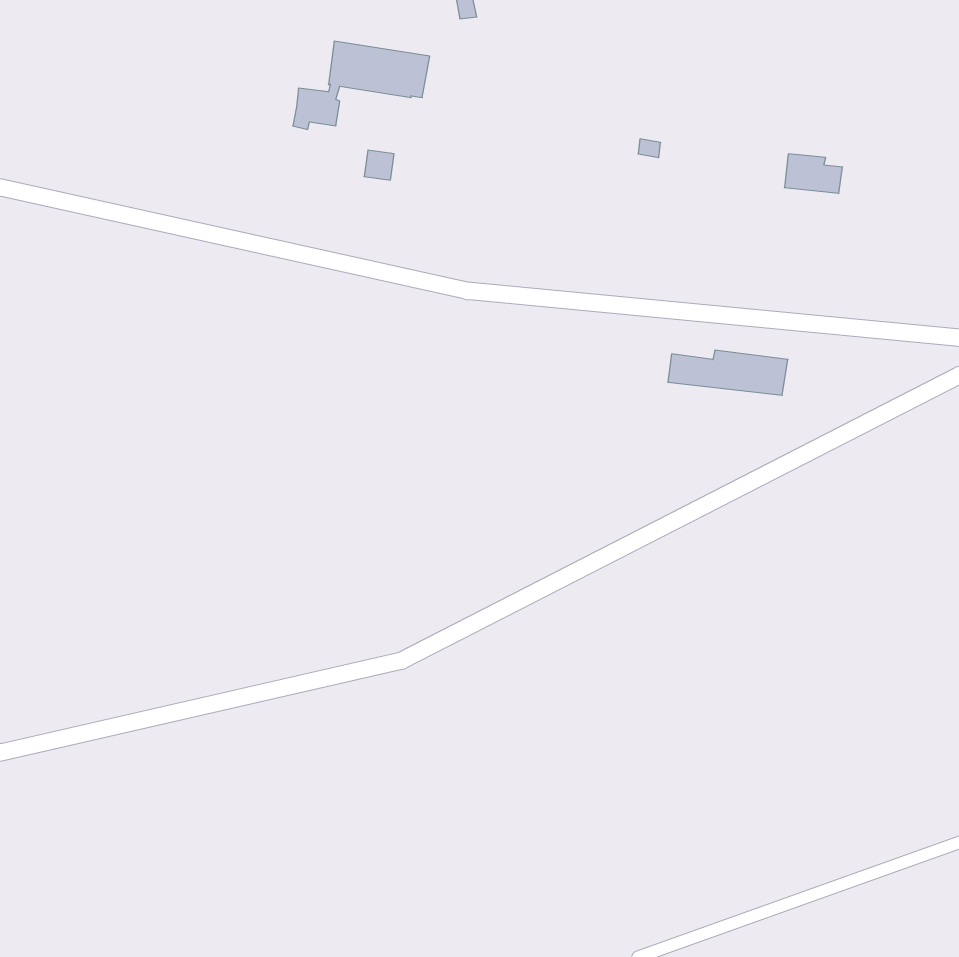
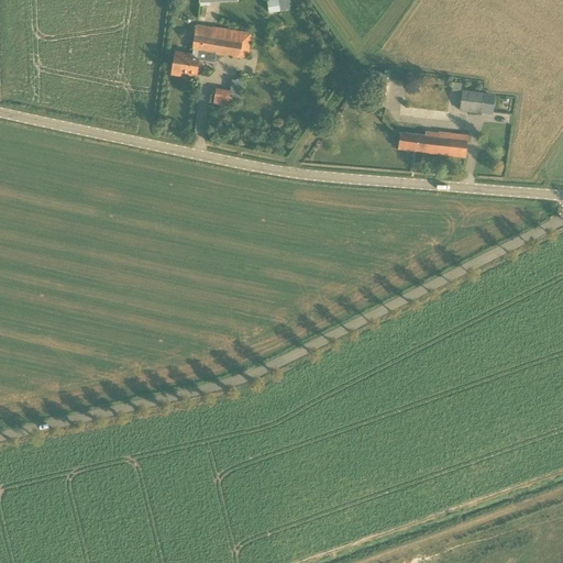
building: [668,350,788,395] -> [398,130,468,156]

